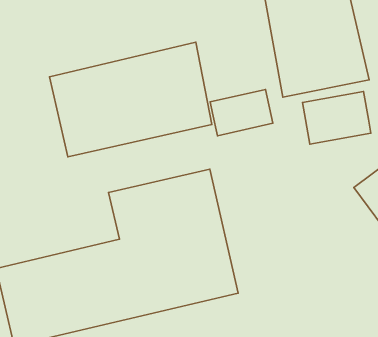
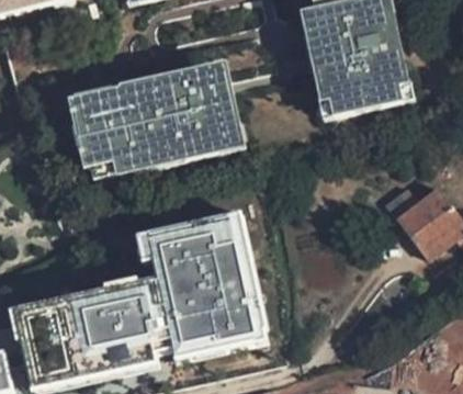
building: [210,89,273,136] -> none
building: [303,91,371,144] -> none

